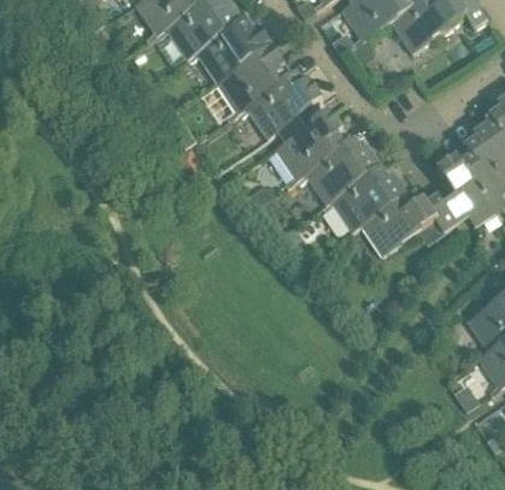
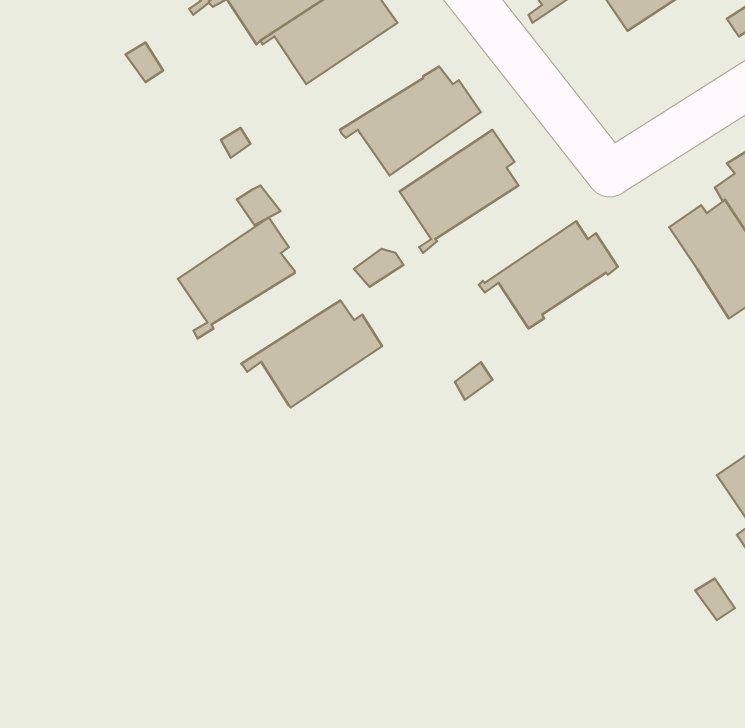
building: [216,43,287,117] -> [178,217,295,338]
building: [294,136,380,201] -> [241,300,382,408]
building: [359,190,456,253] -> none

